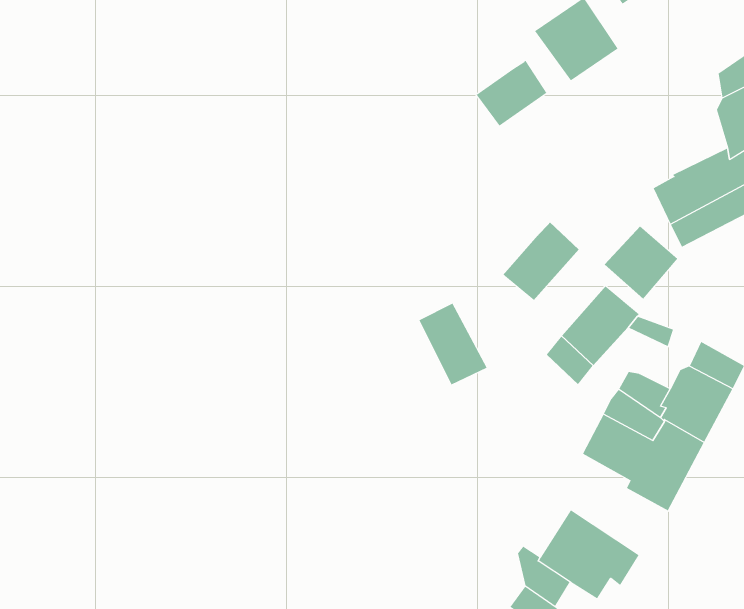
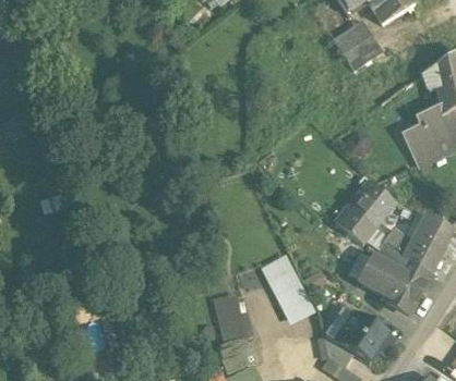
building: [476,60,547,126] -> none
building: [503,221,579,301] -> none
building: [604,226,678,300] -> none
building: [418,303,487,385] -> [274,269,313,316]
building: none -> [214,292,248,343]

